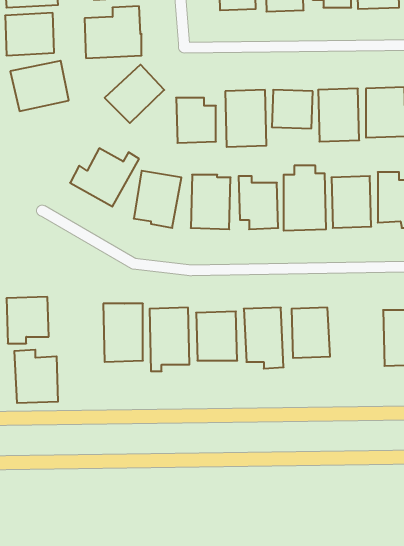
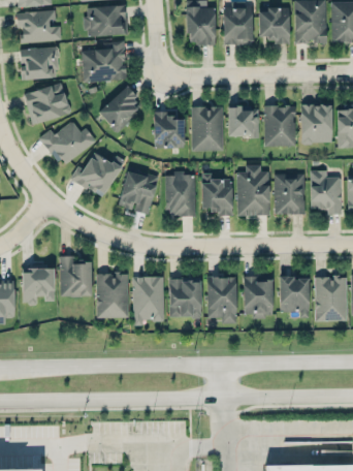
building: none -> [40,121,96,166]
building: none -> [280,277,310,318]
building: [14,350,58,403] -> [59,255,93,296]

